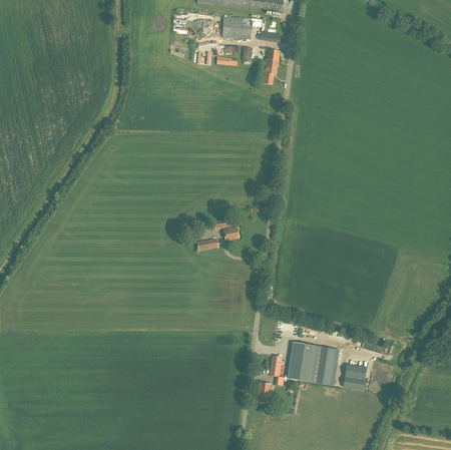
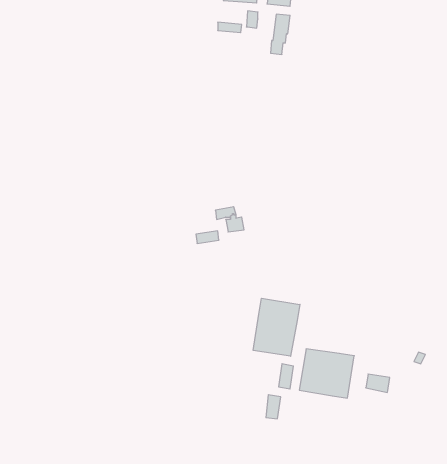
building: none -> [253,298,300,356]

